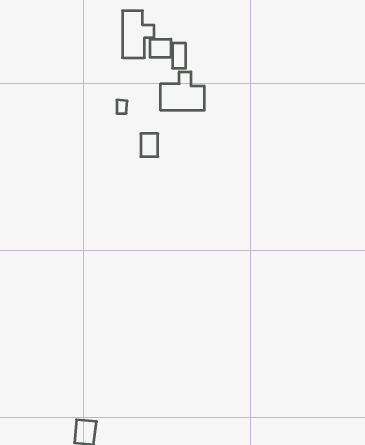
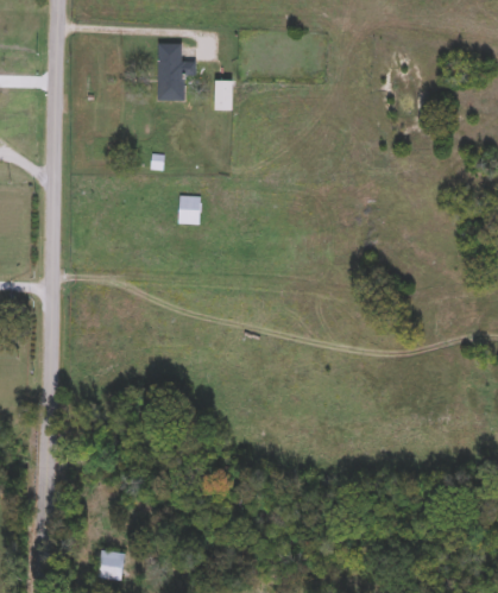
building: [150,39,171,57] -> none
building: [161,72,204,110] -> none

